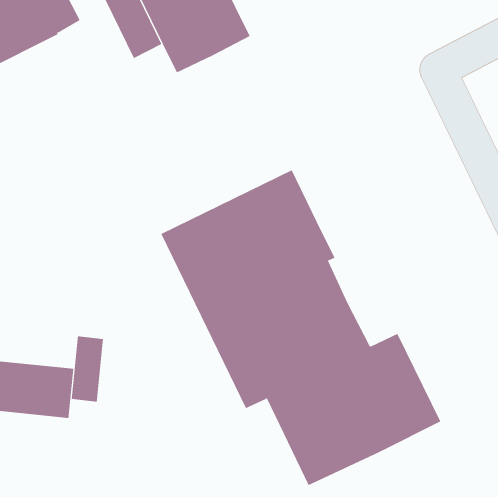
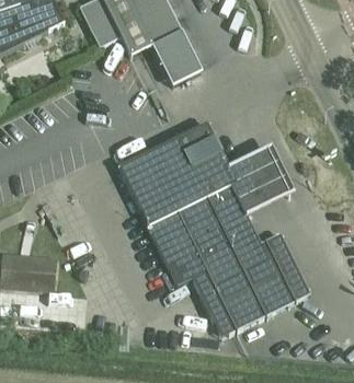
building: none -> [155,31,198,81]
building: none -> [229,143,295,212]
building: [71,336,103,402] -> none

